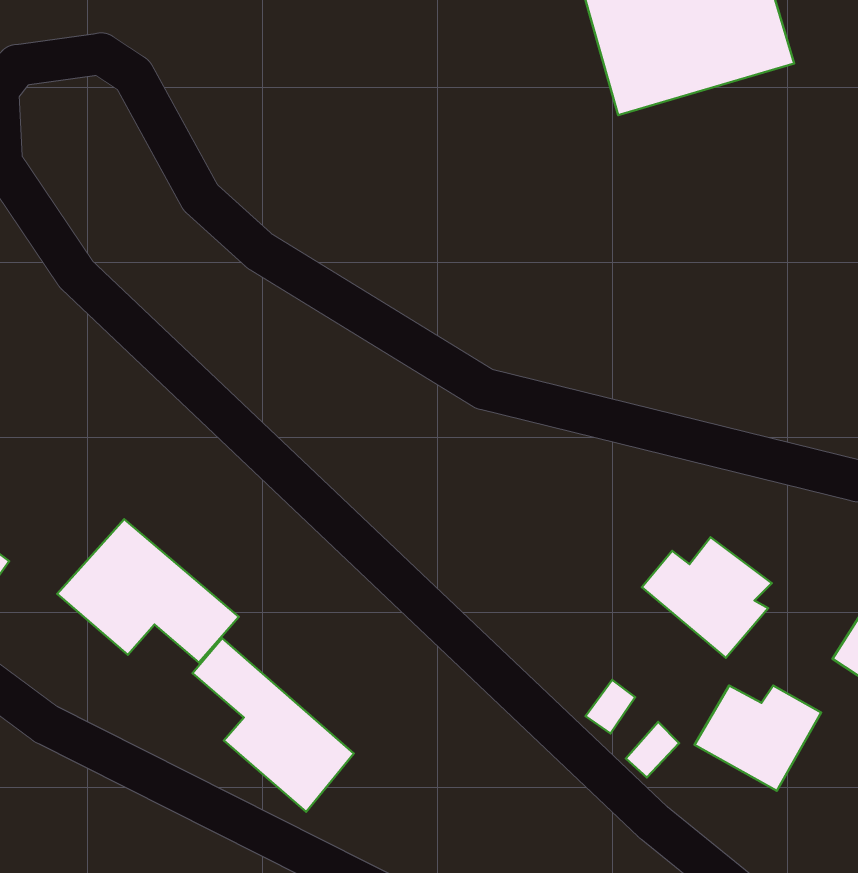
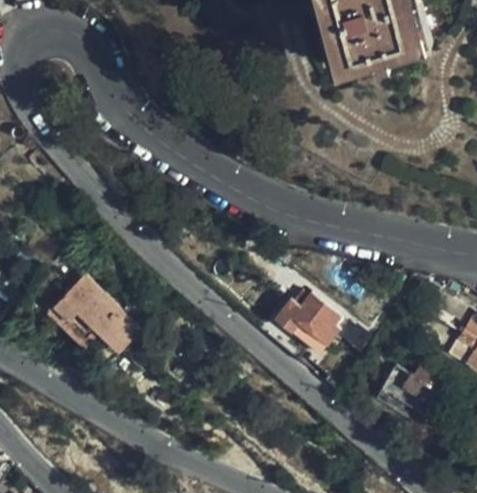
building: [642,537,772,658] -> [274,291,342,354]
building: [192,638,354,812] -> none

